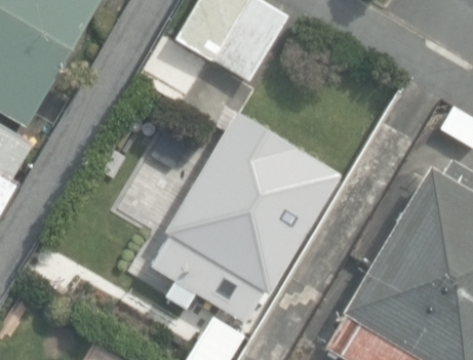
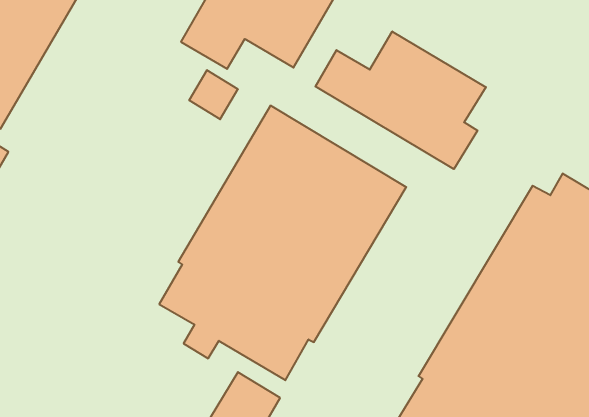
building: none -> [315,31,486,169]

